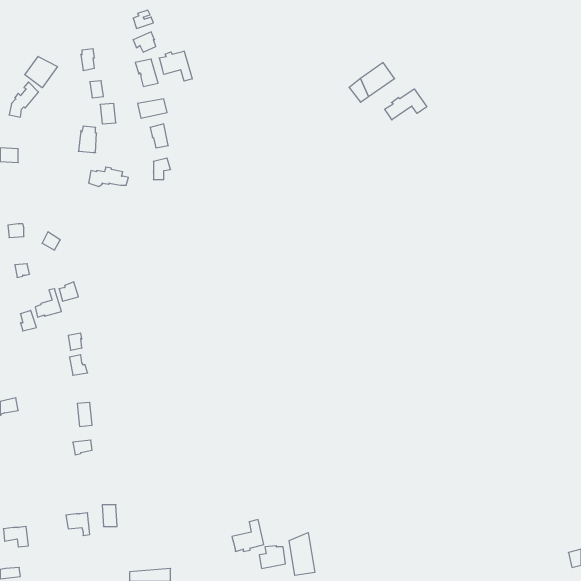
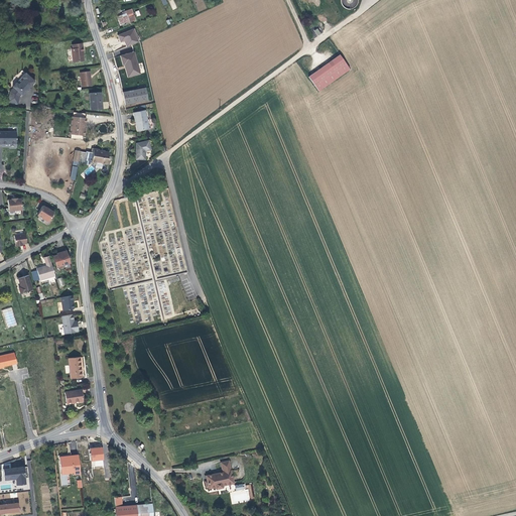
building: [159,51,192,81] -> none
building: [25,56,58,88] -> none
building: [385,89,427,120] -> none
building: [289,533,315,575] -> none

